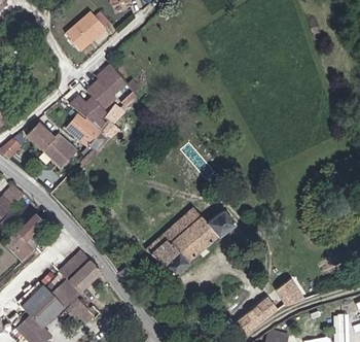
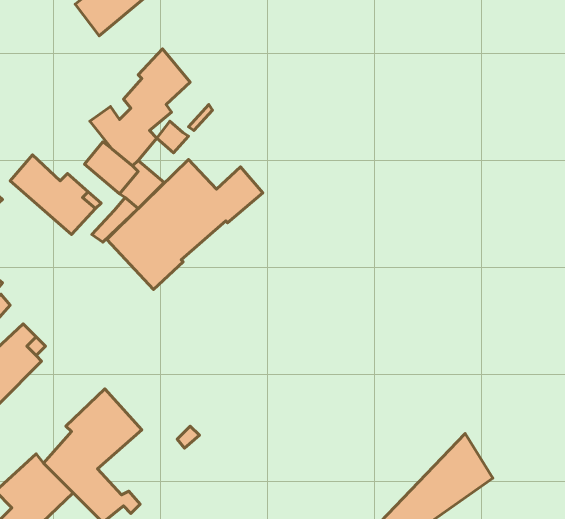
building: [148,208,235,280] -> [107,160,263,290]

